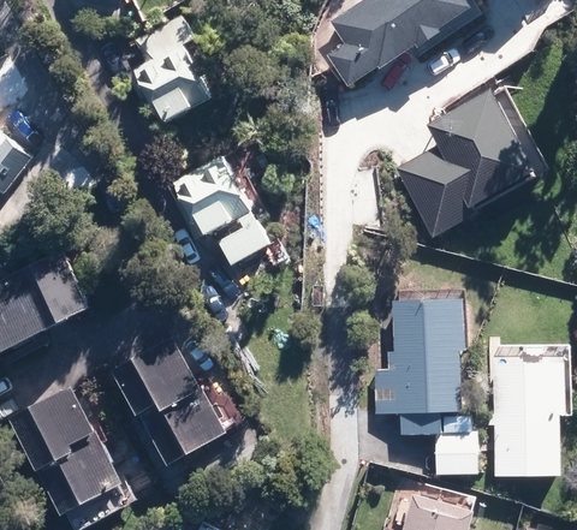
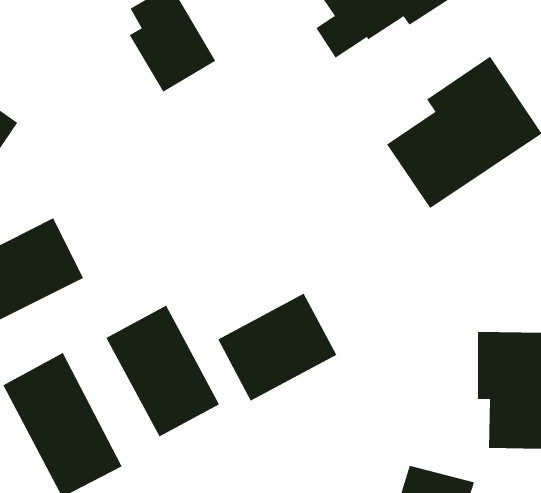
building: [171,135,272,264] -> none
building: [370,296,478,474] -> none
building: none -> [217,293,337,402]

